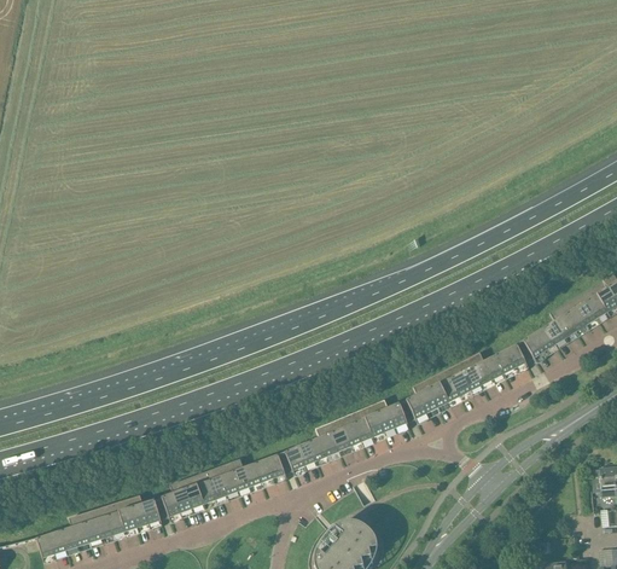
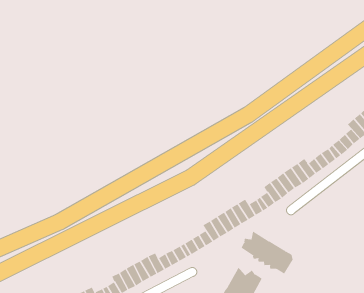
building: none -> [241,231,293,274]

